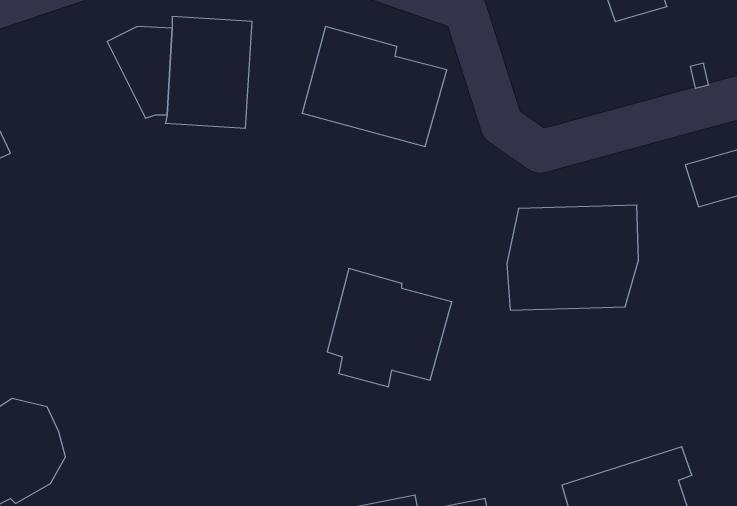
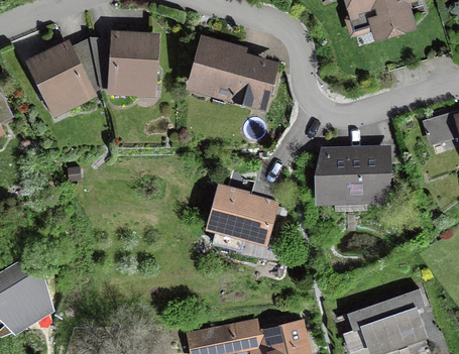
building: none -> [25,40,97,119]

